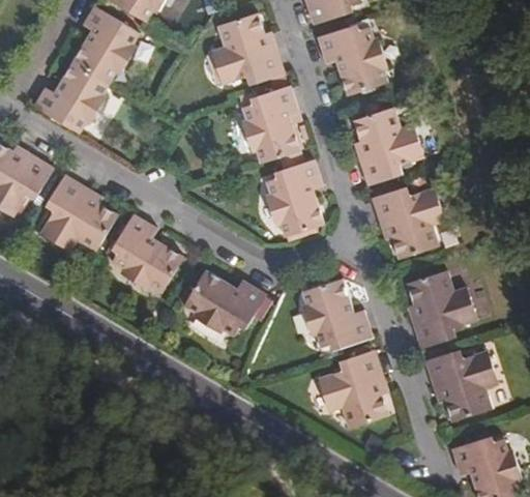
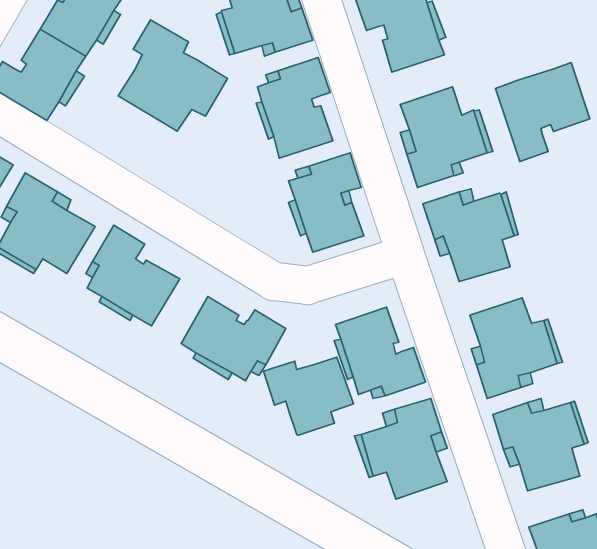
building: none -> [118,20,227,131]
building: none -> [496,62,590,161]
building: none -> [263,357,354,435]

